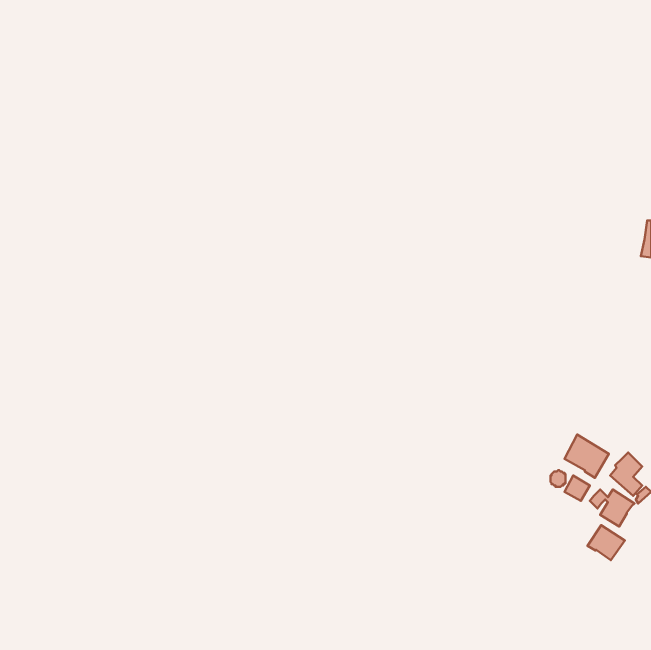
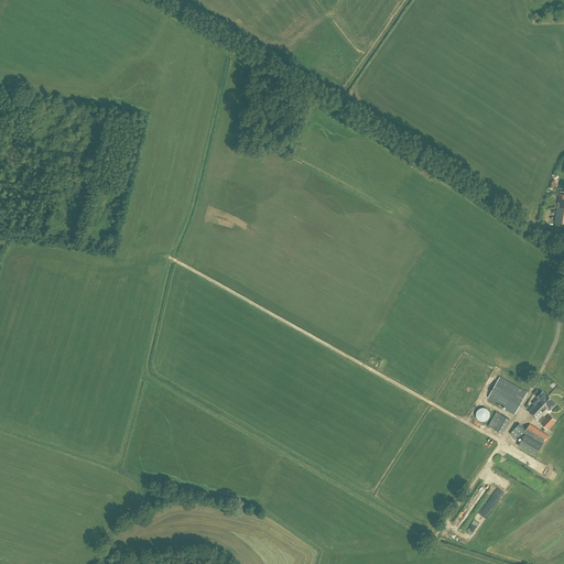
building: [588,525,625,560] -> none

